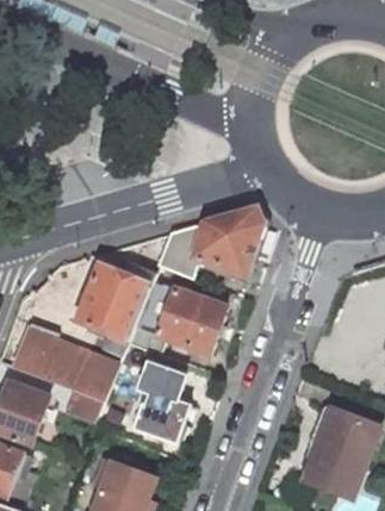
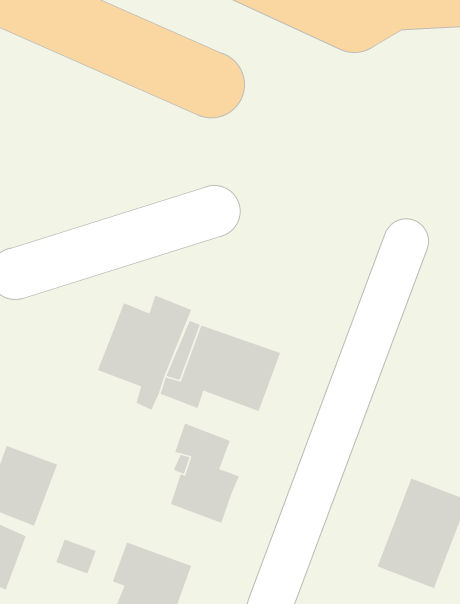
building: [159,206,267,276] -> none
building: [11,320,119,404] -> none

